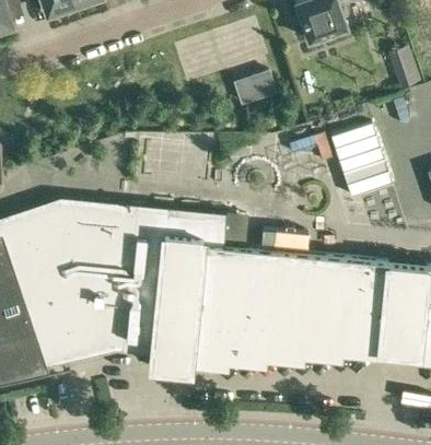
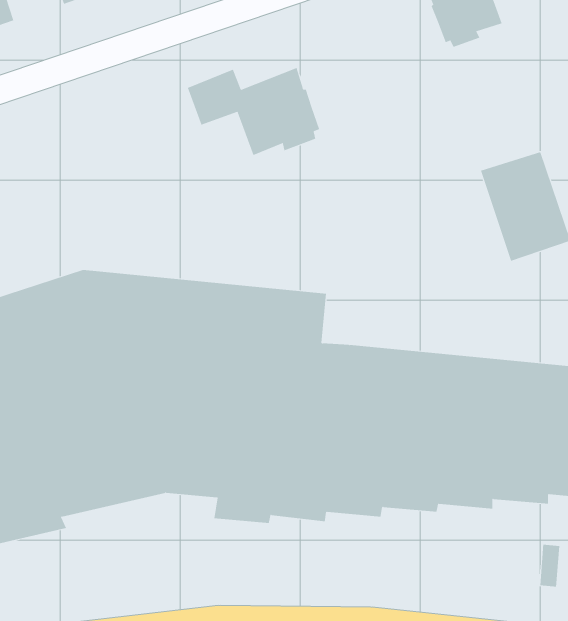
building: none -> [187,67,320,156]
building: [240,66,280,98] -> none

